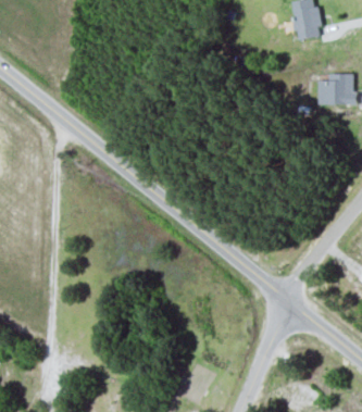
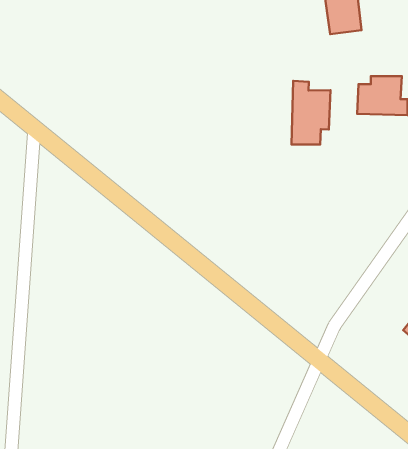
building: none -> [292,81,331,144]

